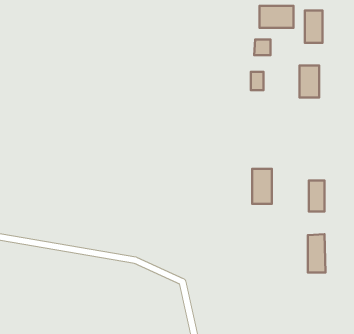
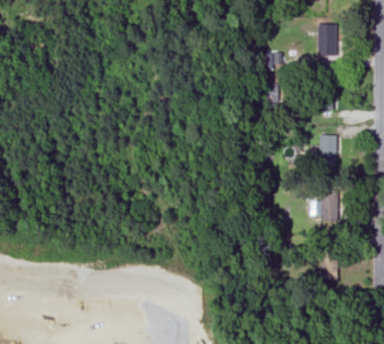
building: [260,6,294,28] -> none
building: [252,169,272,204] -> [317,134,337,168]

